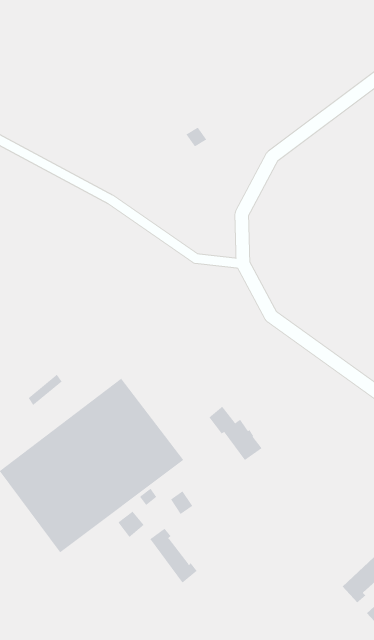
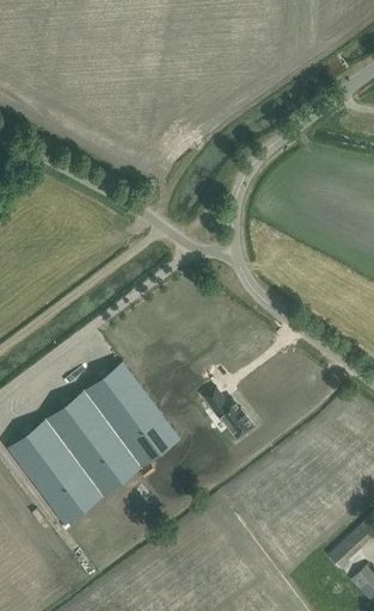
building: [150,528,198,583] -> none

